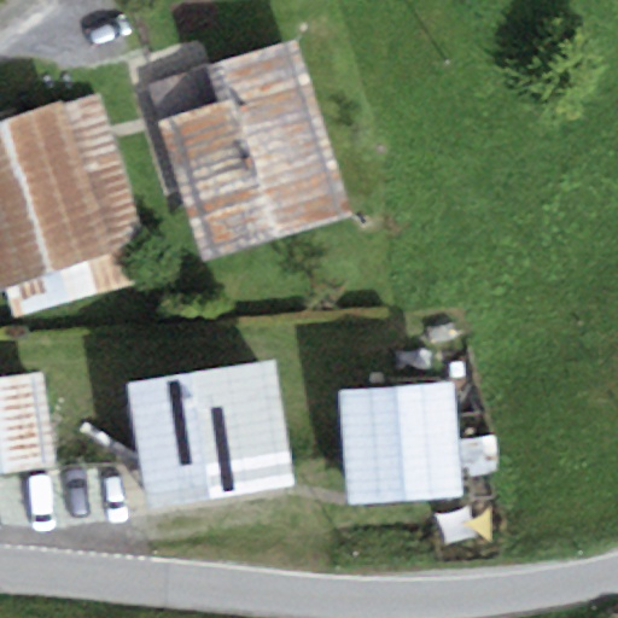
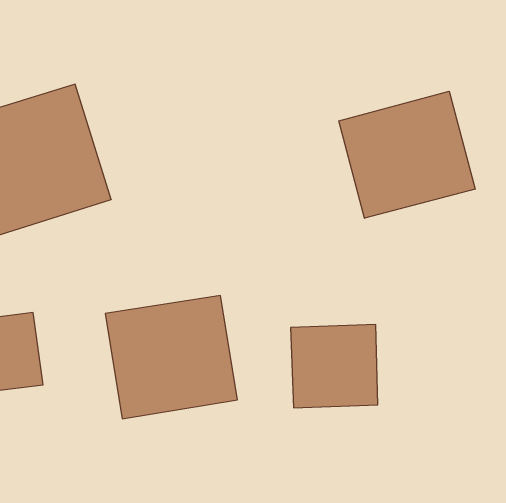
building: [167,46,348,266] -> none
building: none -> [339,91,475,218]

